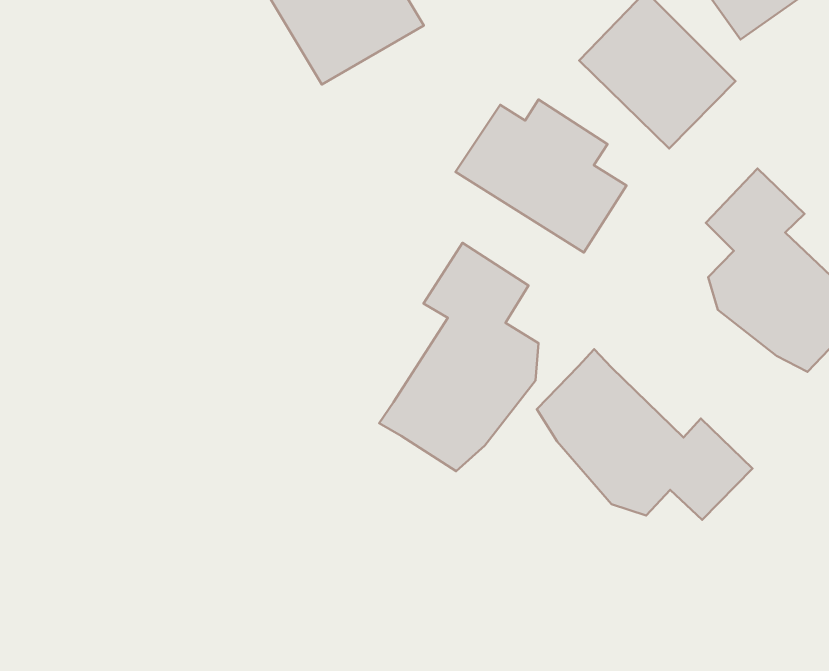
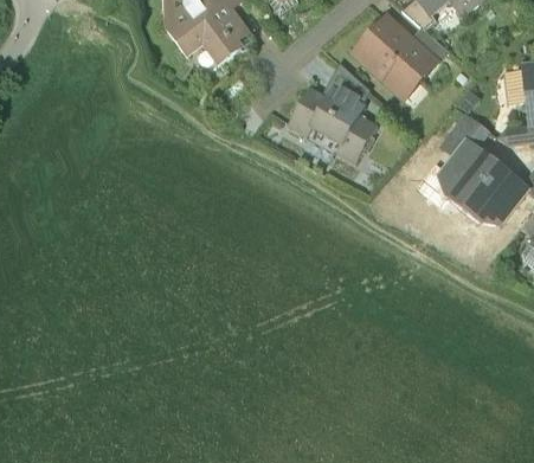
building: [379,243,538,471] -> none
building: [537,349,753,520] -> none

